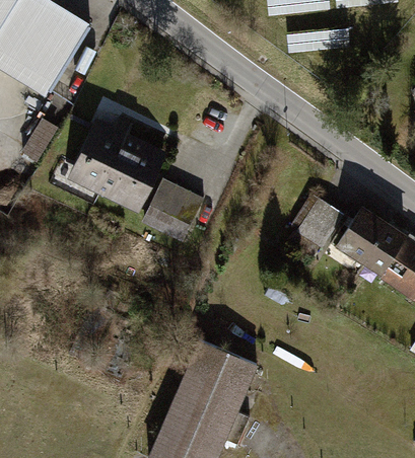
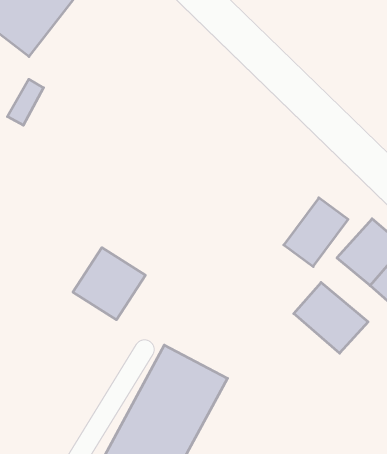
building: [68,114,169,213] -> none
building: [143,174,206,237] -> [73,248,145,320]
building: none -> [294,282,368,353]

